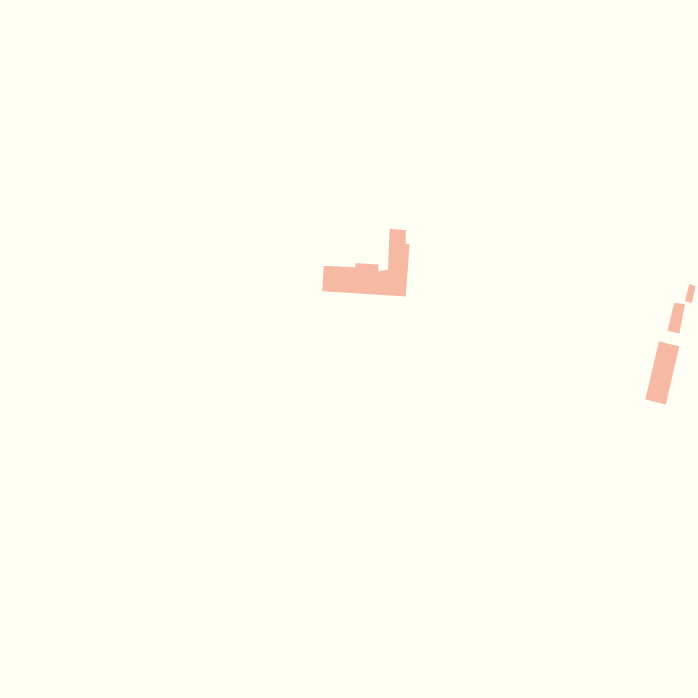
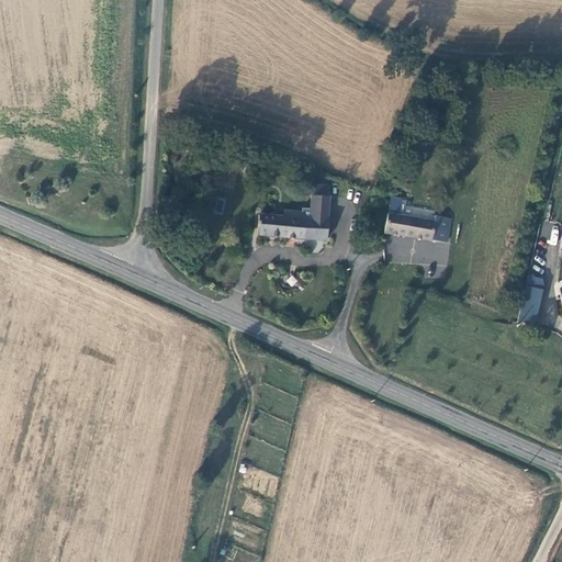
building: none -> [384,212,451,241]

